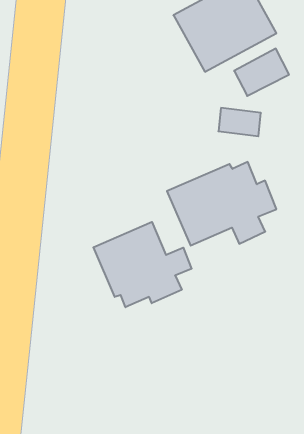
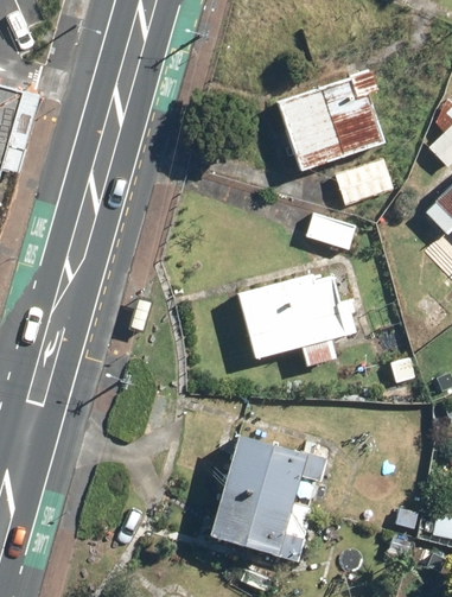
building: [93,222,192,307] -> none
building: none -> [209,434,325,560]

